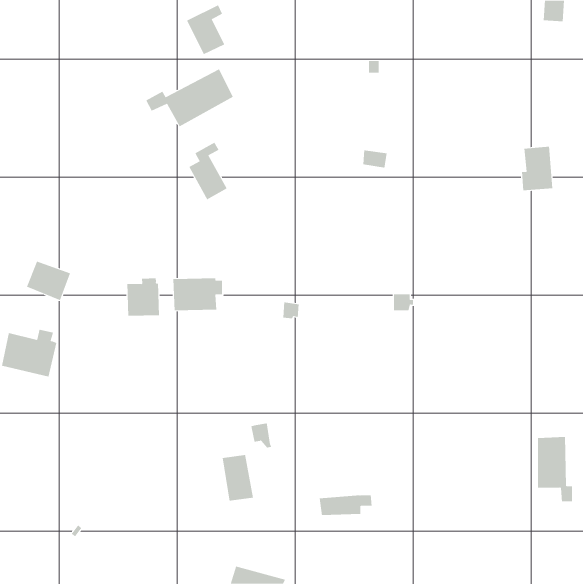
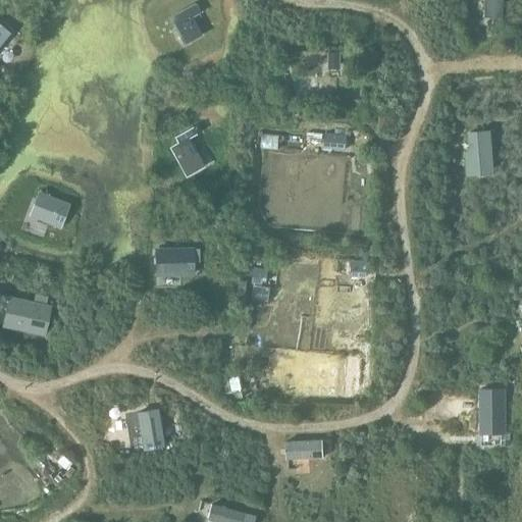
building: [145,68,234,127] -> none
building: [26,261,71,301] -> [30,192,69,227]
building: [127,278,160,316] -> none
building: [222,454,254,501] -> [137,410,165,452]

